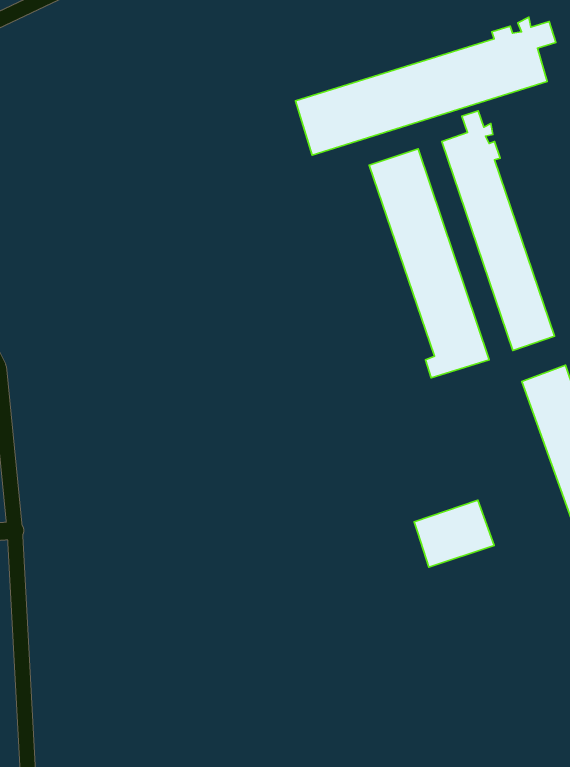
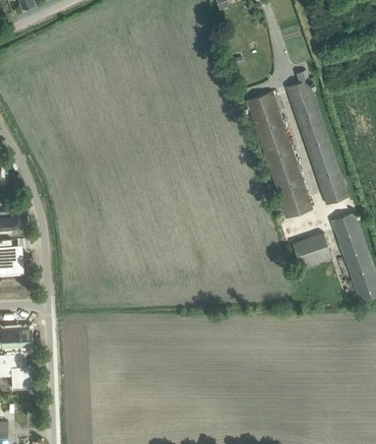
building: [296,17,556,155] -> none
building: [414,500,494,567] -> [288,232,332,269]

